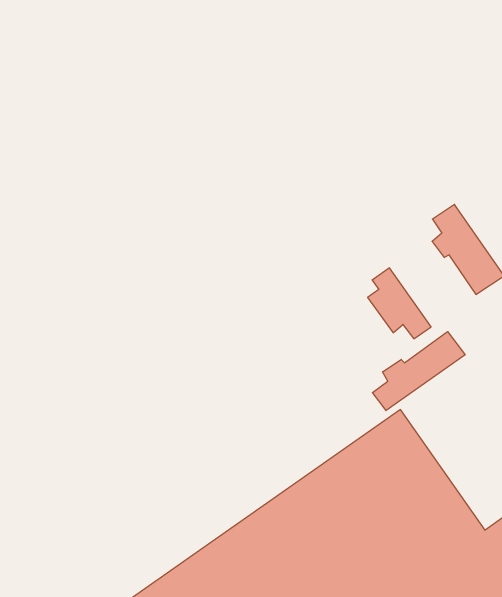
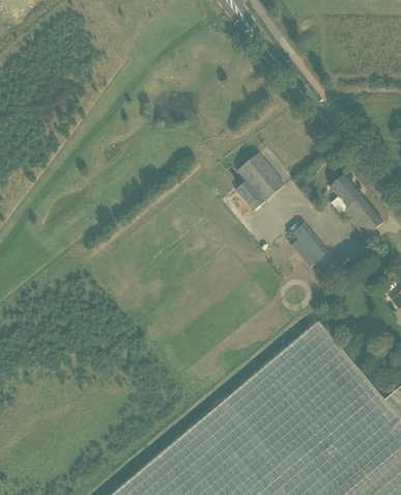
building: none -> [235,155,285,213]
building: [372,332,465,411] -> none

